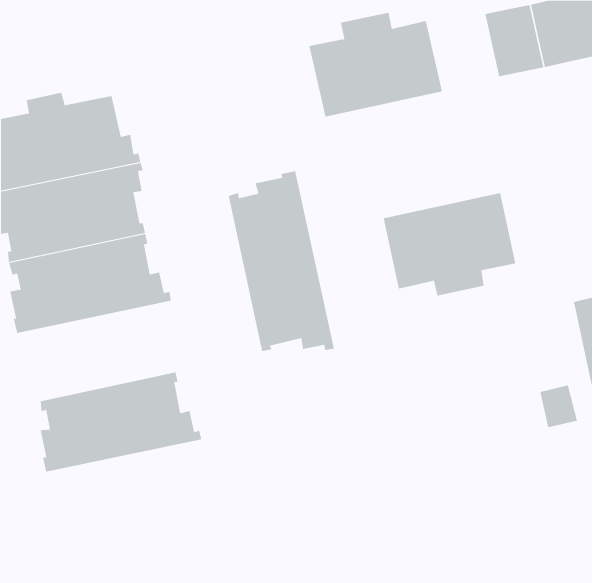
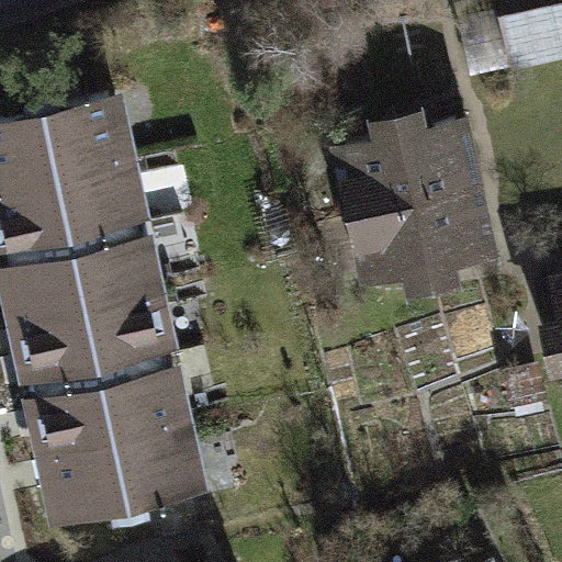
building: [309,12,443,117] -> [349,119,475,217]
building: [228,171,334,352] -> none
building: none -> [20,295,170,390]
building: none -> [47,426,195,522]

